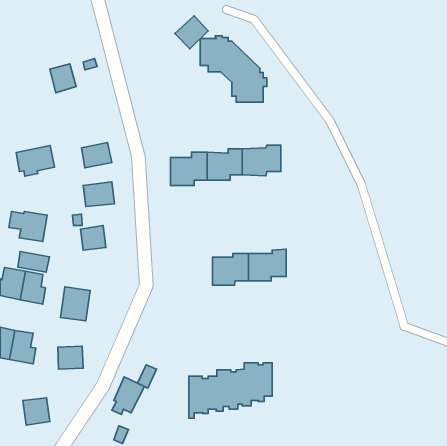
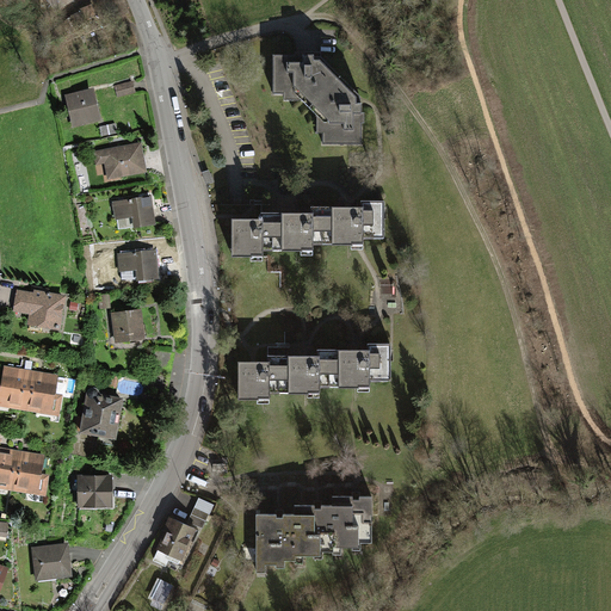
building: [175,16,208,49] -> none
building: [16,145,55,176] -> [91,142,143,184]
building: [18,252,49,272] -> none
building: none -> [240,352,290,397]

